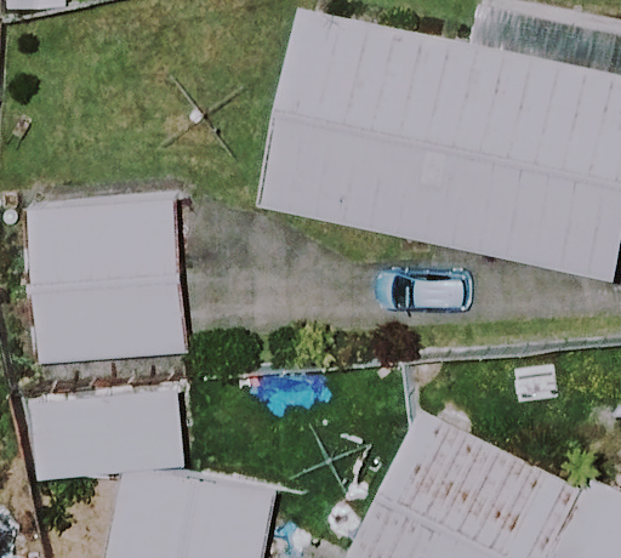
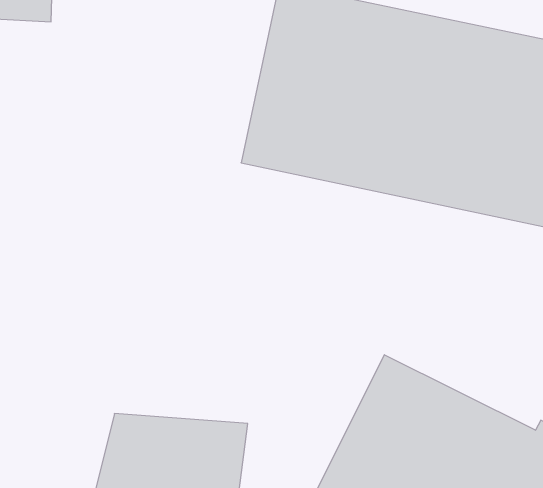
building: [27,205,187,364] -> none

